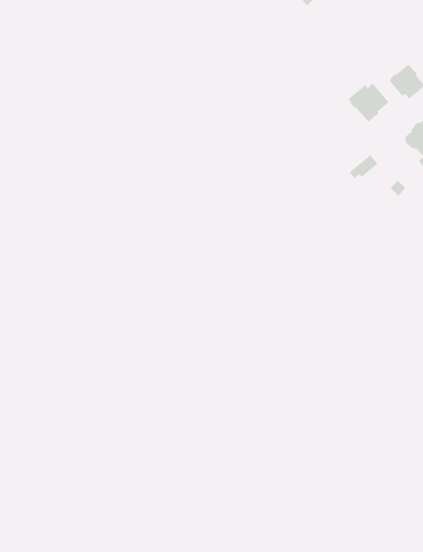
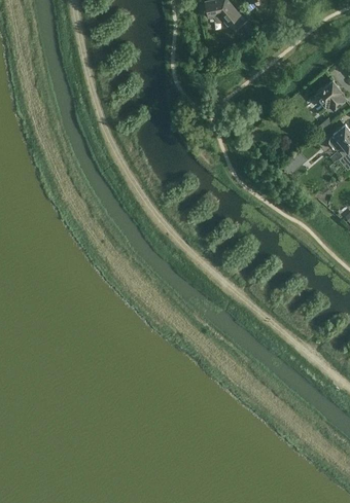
building: [348,83,389,122] -> none

